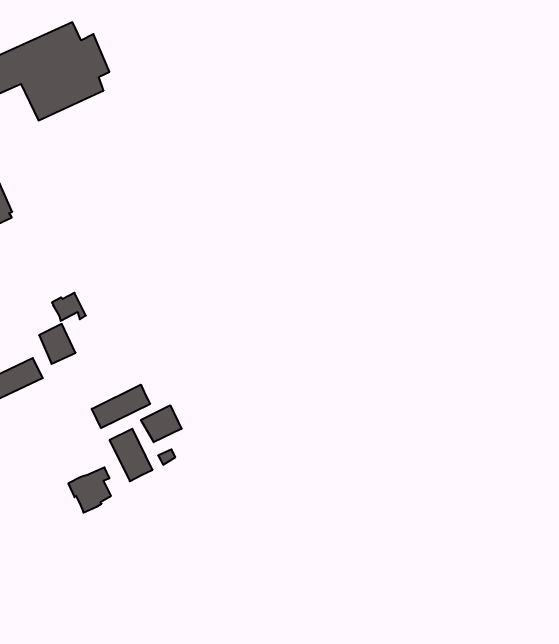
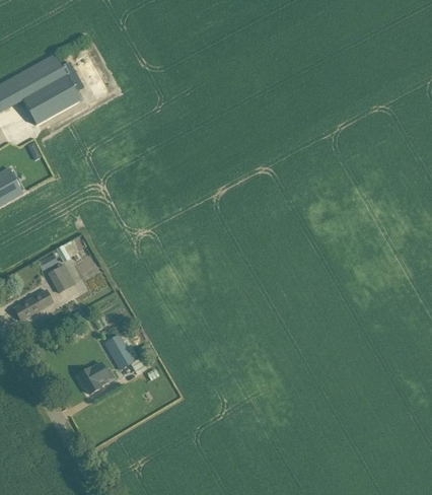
building: [92,385,150,428] -> none
building: [141,405,182,442] -> none

